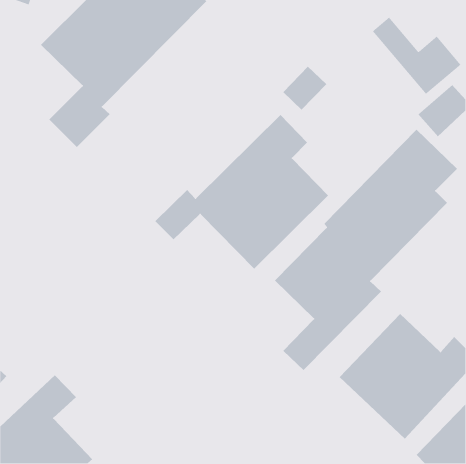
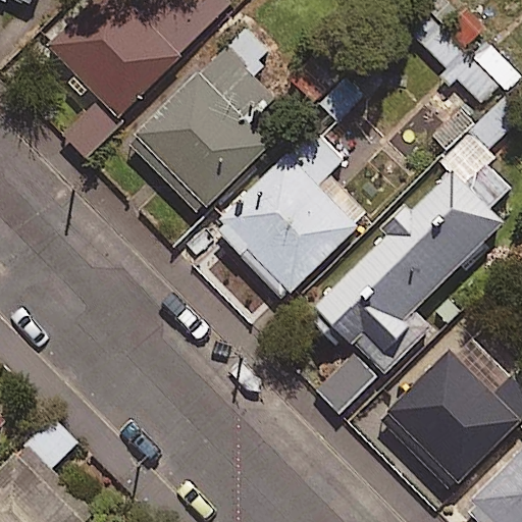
building: none -> [134,25,273,210]

